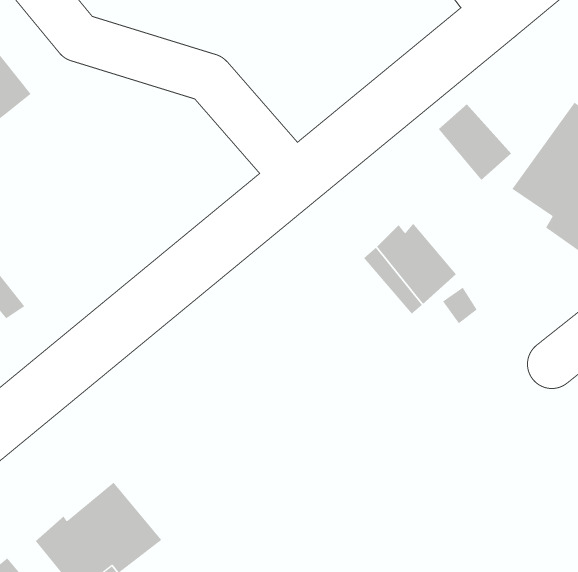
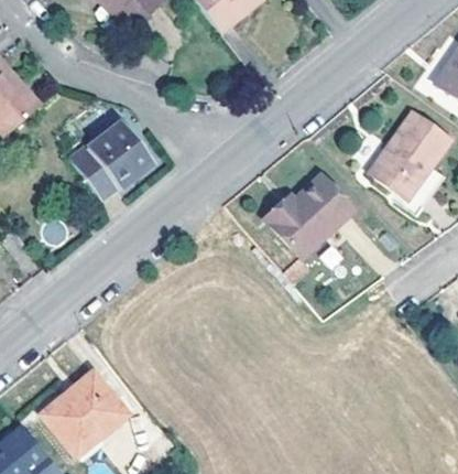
building: [438,104,512,181] -> [301,176,351,229]
building: none -> [75,120,153,195]

